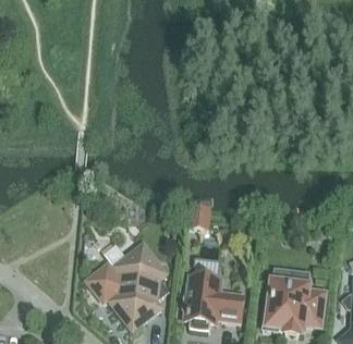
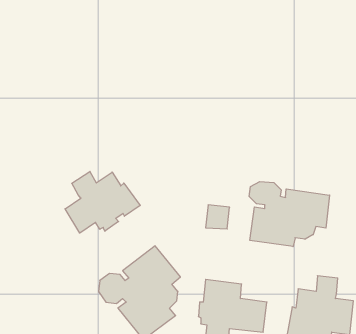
building: none -> [65,171,140,233]
building: none -> [249,182,330,247]

